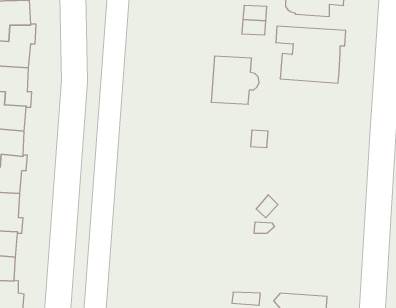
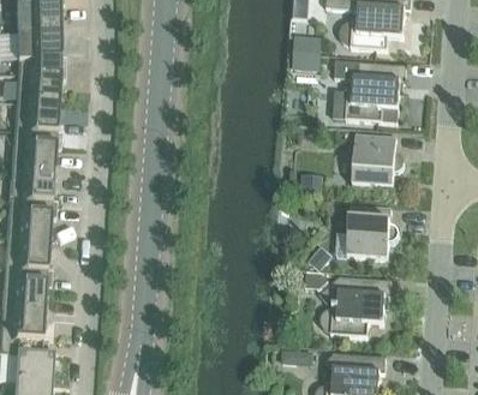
building: [211,56,259,104] -> [353,134,406,187]
building: none -> [348,207,400,259]
building: none -> [321,277,393,337]

